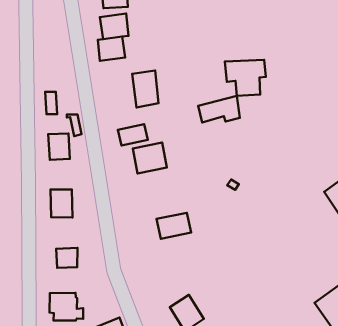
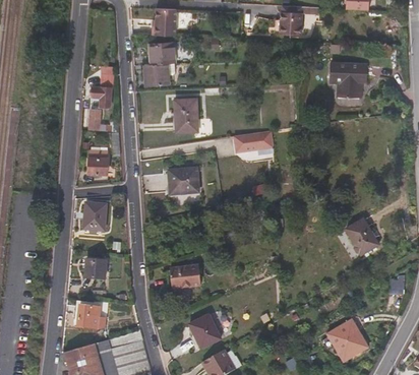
building: none -> [91,73,114,107]
building: [225,60,266,96] -> [330,63,367,98]
building: [118,124,148,145] -> none
building: [157,213,191,239] -> [169,266,200,289]

